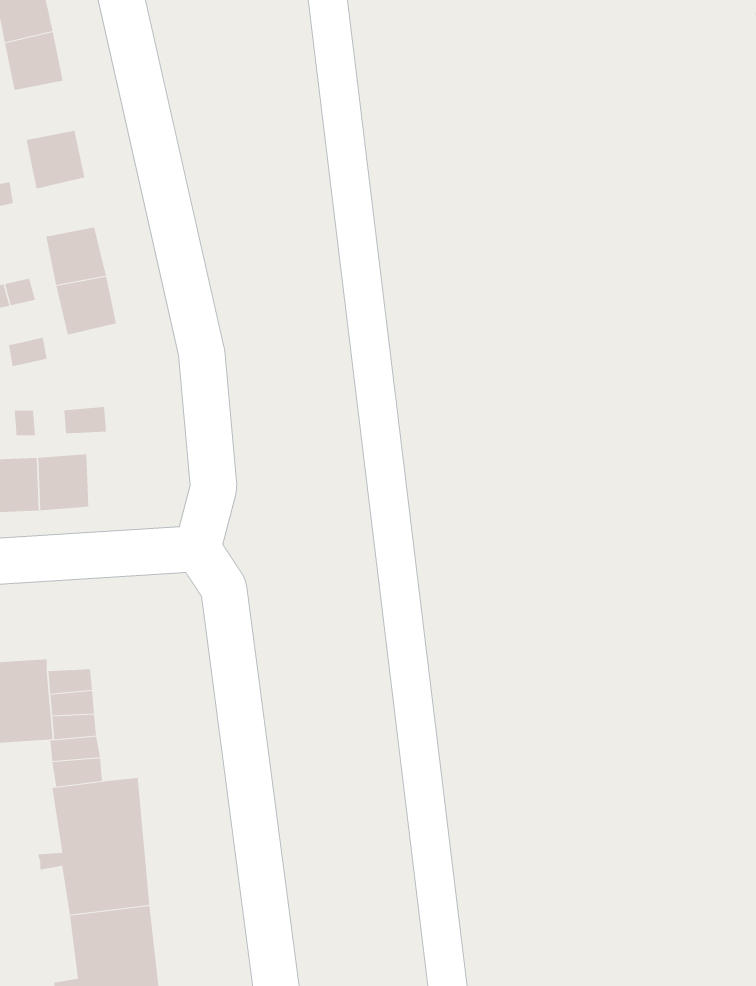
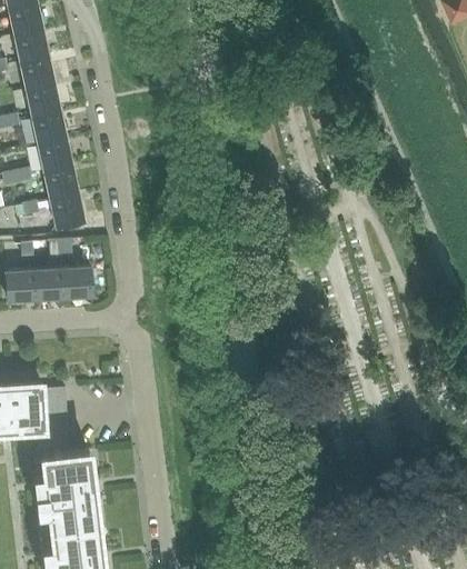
building: none -> [20,57,54,90]
building: none -> [32,111,66,144]
building: none -> [50,193,83,228]
building: none -> [61,266,91,297]

